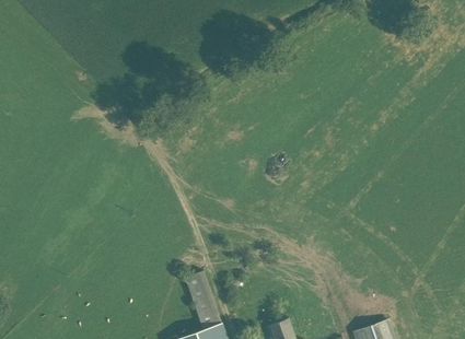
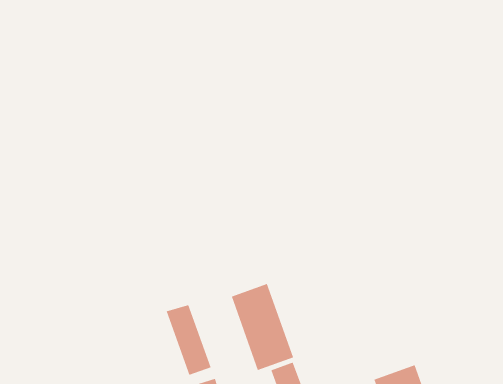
building: none -> [231,283,294,371]

